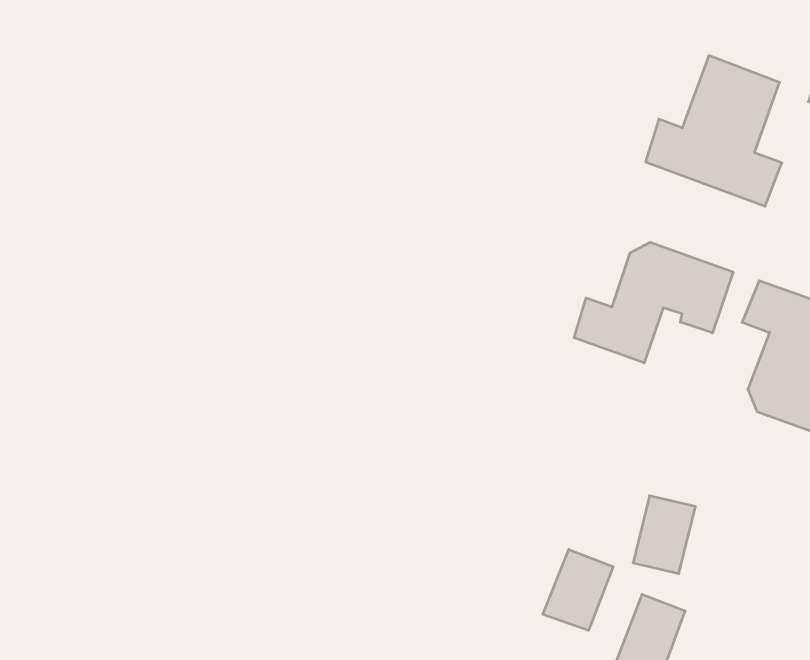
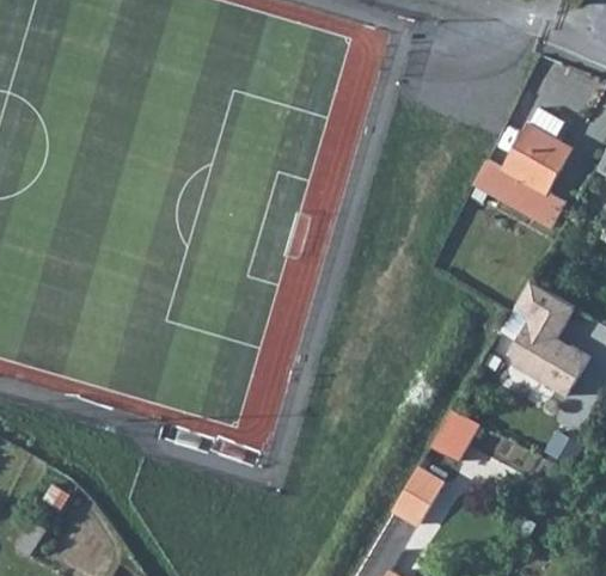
building: [574,242,733,363] -> none
building: [543,549,613,630] -> none

